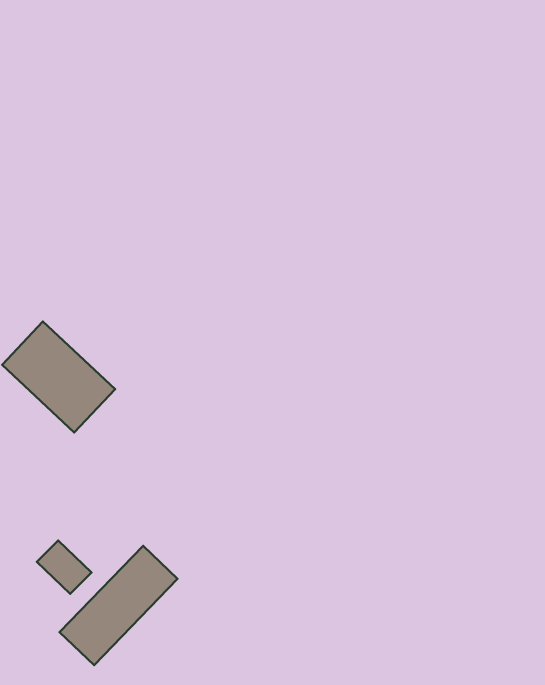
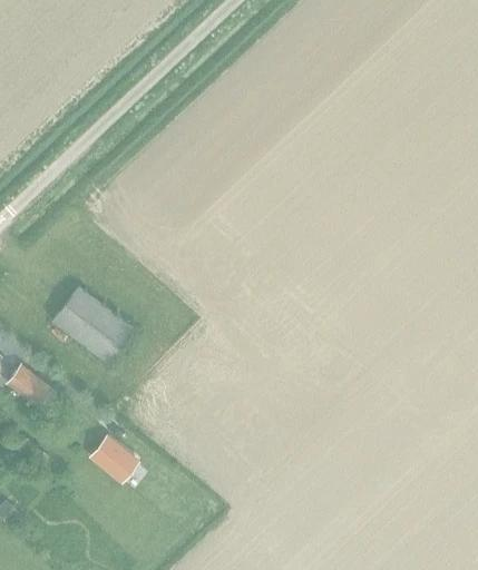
building: [60,546,178,665] -> none

